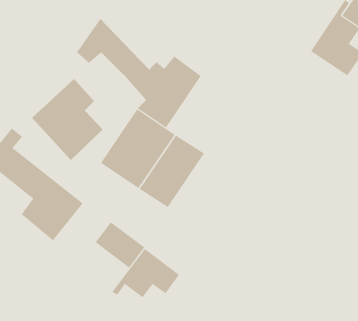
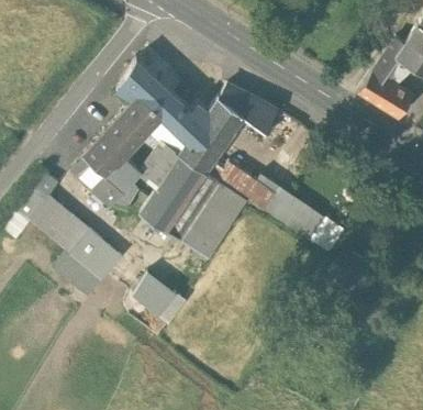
building: none -> [220,87,277,134]
building: none -> [112,96,164,146]
building: none -> [209,163,345,252]
building: [112,248,180,298] -> none

